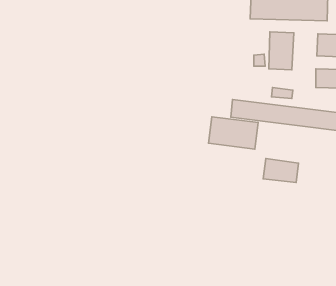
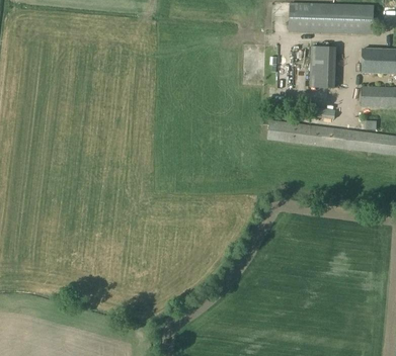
building: [209,117,258,149] -> none
building: [263,159,298,183] -> none

